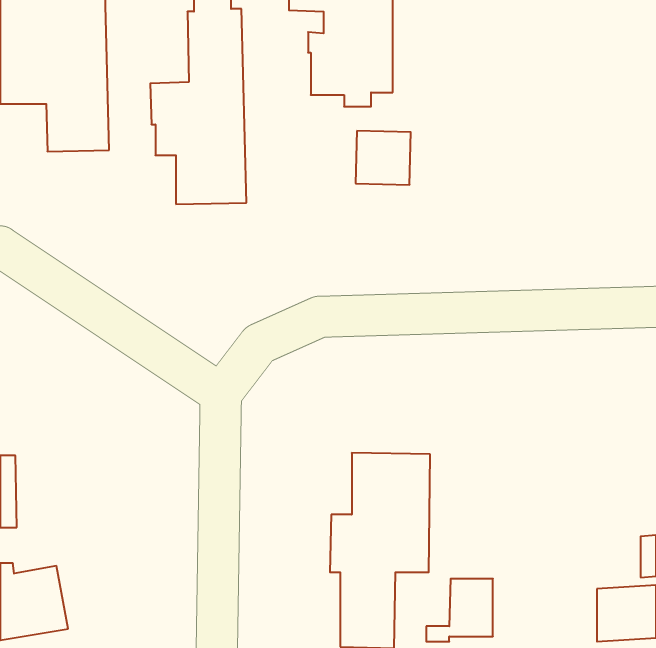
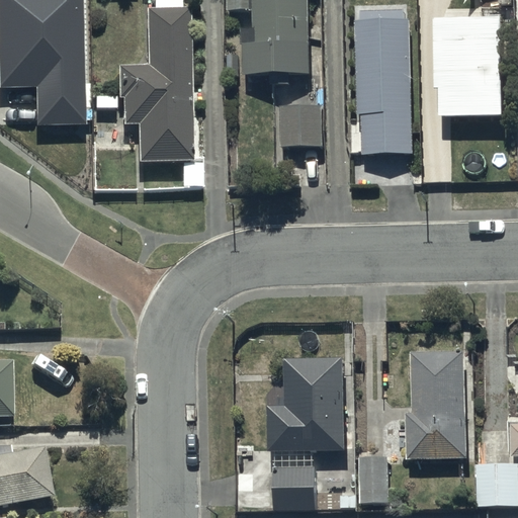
building: none -> [435,17,504,116]
building: none -> [356,18,415,153]
building: none -> [401,351,460,459]

